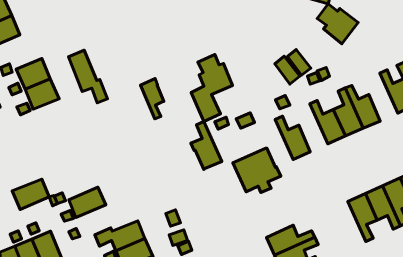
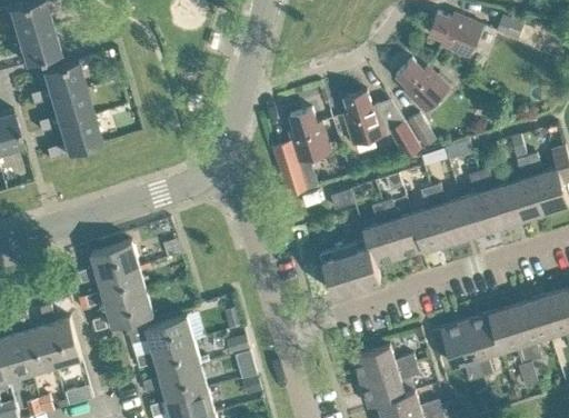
building: [317,4,358,44] -> [396,59,449,113]
building: none -> [343,92,386,145]
building: none -> [41,61,84,99]
building: [69,50,107,103] -> none
building: none -> [509,158,545,221]
building: [140,79,164,119] -> none
building: none -> [412,188,448,251]
building: [191,121,222,169] -> [362,203,400,267]
building: [12,179,49,209] -> [91,242,139,279]
building: none -> [440,322,483,380]
building: none -> [106,291,153,328]

